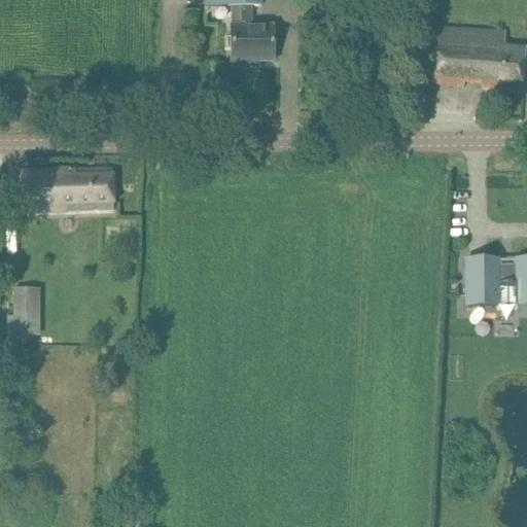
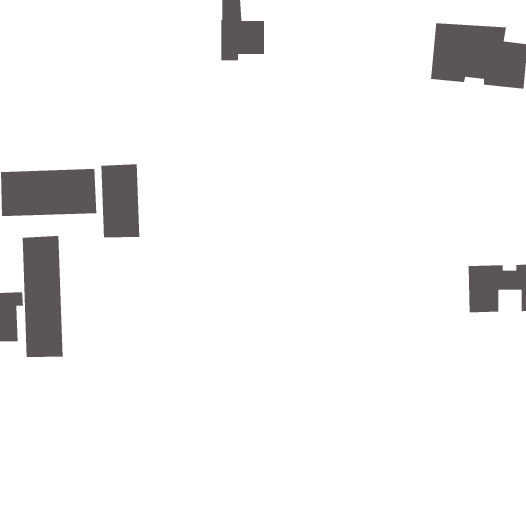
building: none -> [101,163,140,238]
building: none -> [22,235,63,358]

